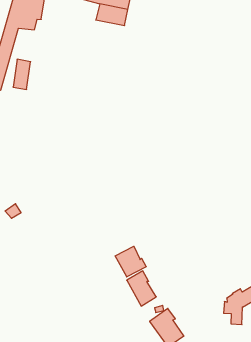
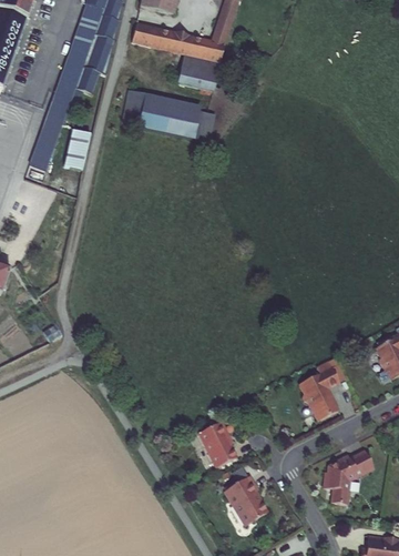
building: none -> [122,89,217,142]
building: none -> [299,363,338,416]
building: [115,246,146,277] -> none

